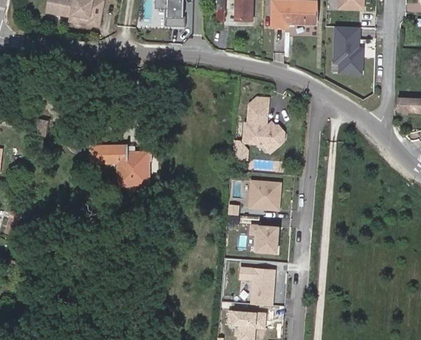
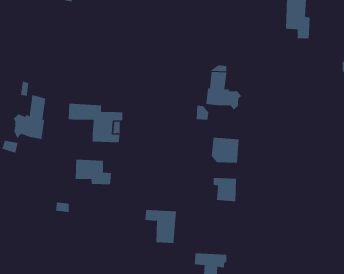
building: none -> [13,94,46,140]
building: none -> [75,159,111,185]
building: [241,266,277,304] -> [145,209,177,243]

